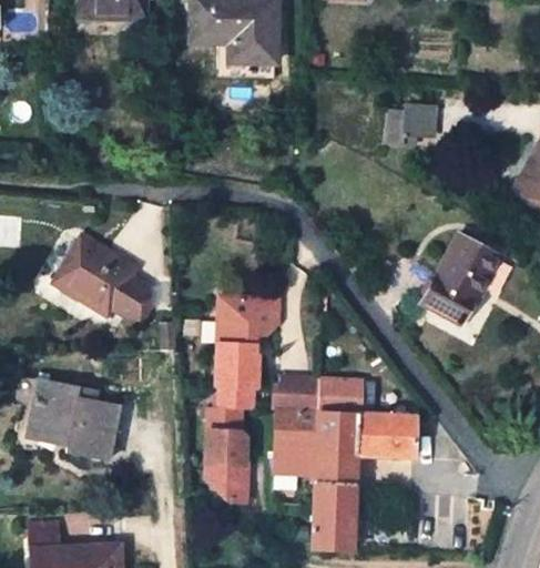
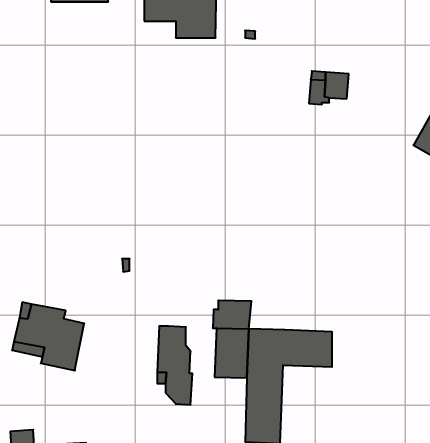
building: [420,234,498,325] -> none
building: [53,235,151,325] -> none
building: [215,297,277,409] -> none
building: [316,378,360,413] -> none

